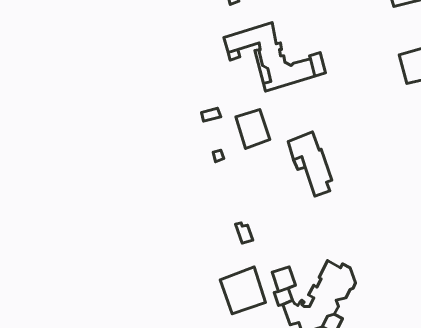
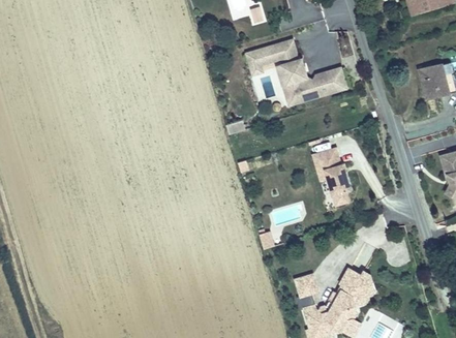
building: [236,109,270,149] -> none
building: [220,267,266,314] -> none

